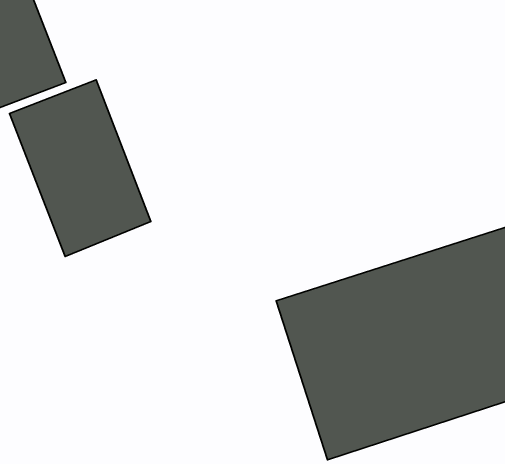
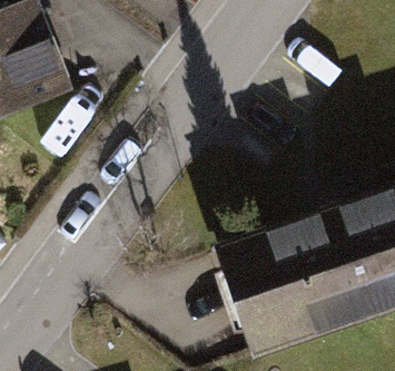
building: [9,80,151,257] -> none

